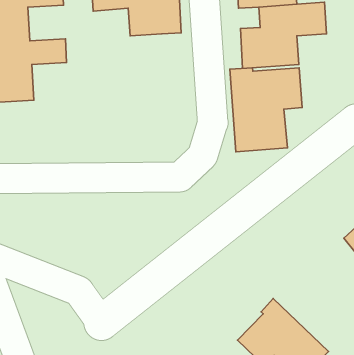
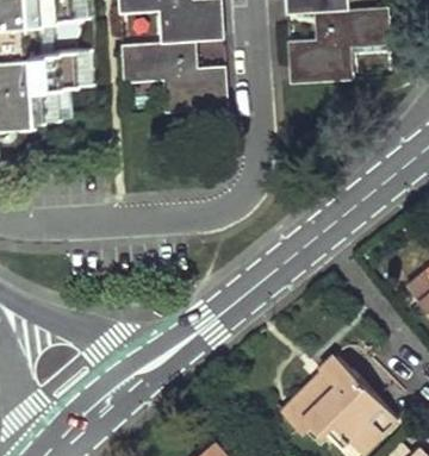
building: none -> [123,45,230,118]
building: [230,68,302,152] -> none

